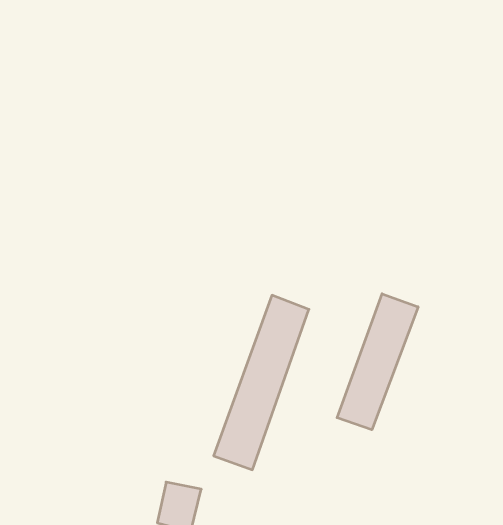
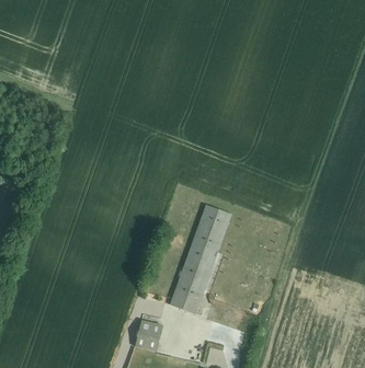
building: [337,294,418,430] -> none

